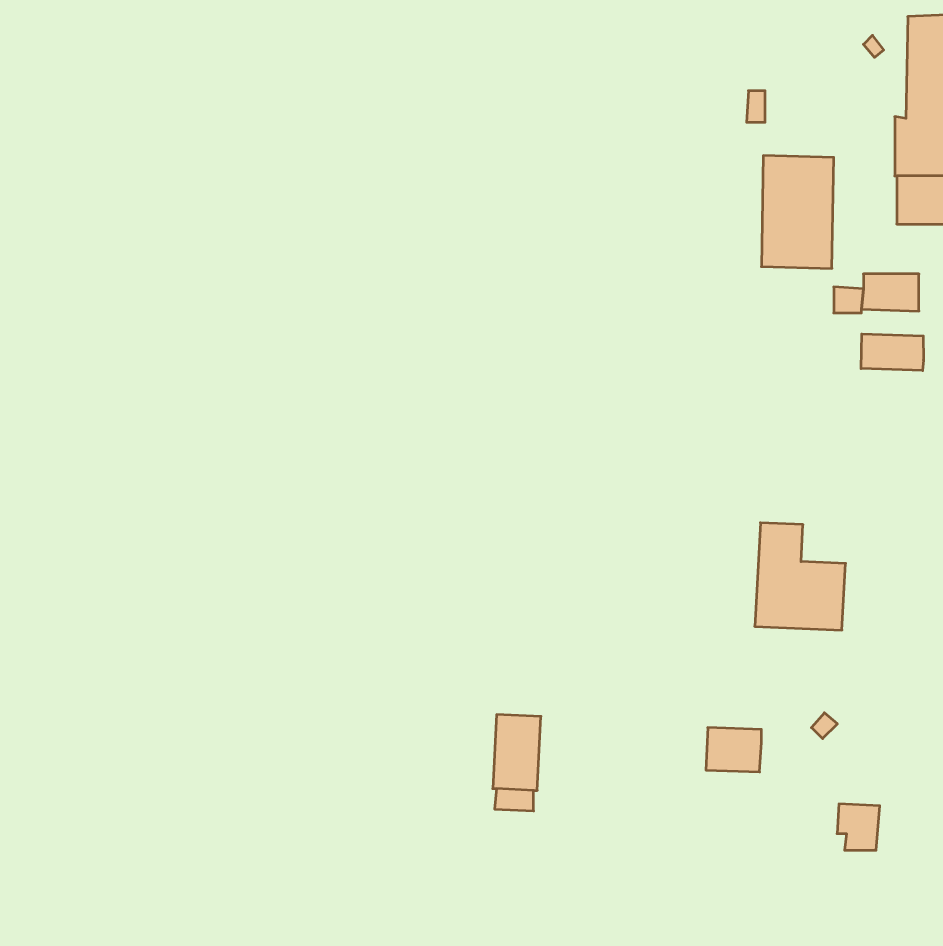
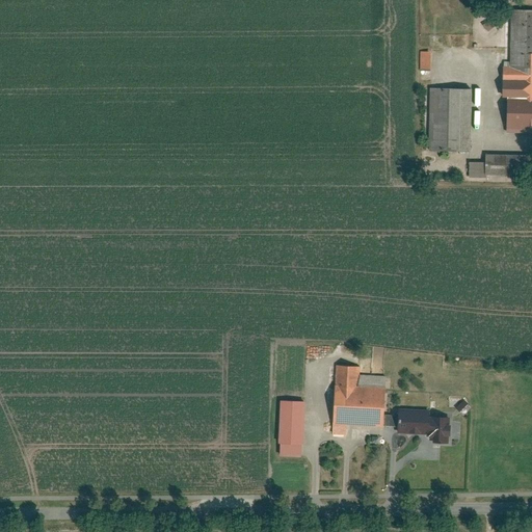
building: [861,334,923,371] -> none
building: [755,523,846,630] -> [335,366,385,426]
building: [837,804,880,850] -> [428,417,452,443]

